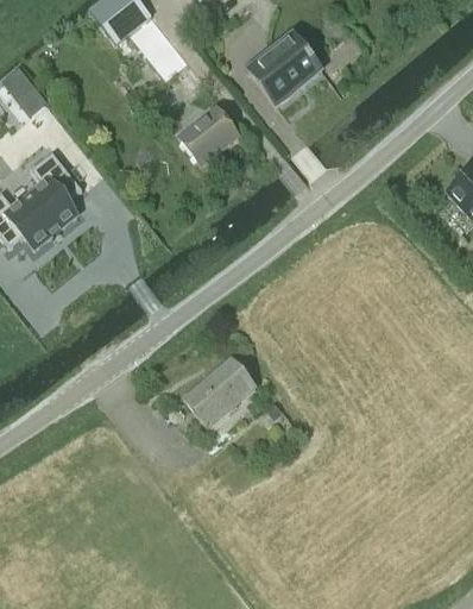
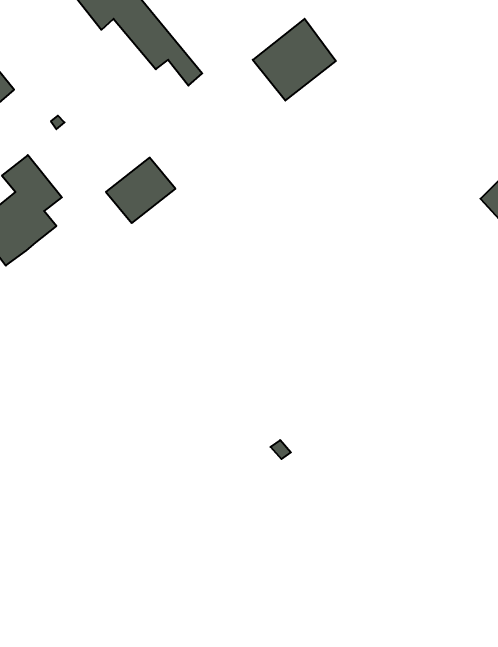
building: [178,106,239,163] -> [106,158,175,223]
building: [183,357,256,426] -> none

